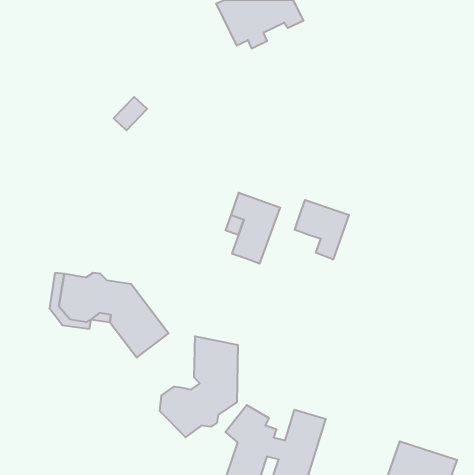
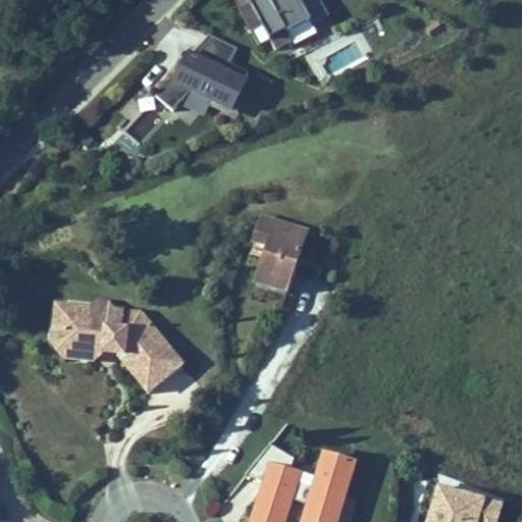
building: none -> [156,34,248,111]
building: [295,200,349,260] -> none
building: [160,336,238,437] -> none

